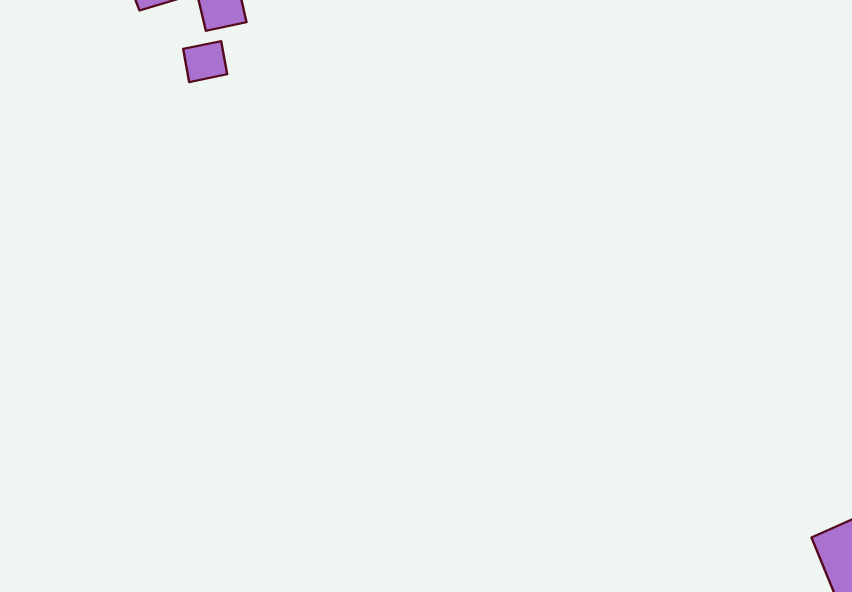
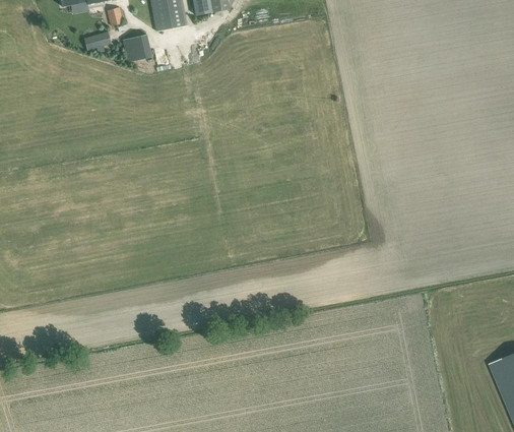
building: [183,41,227,82] -> none

